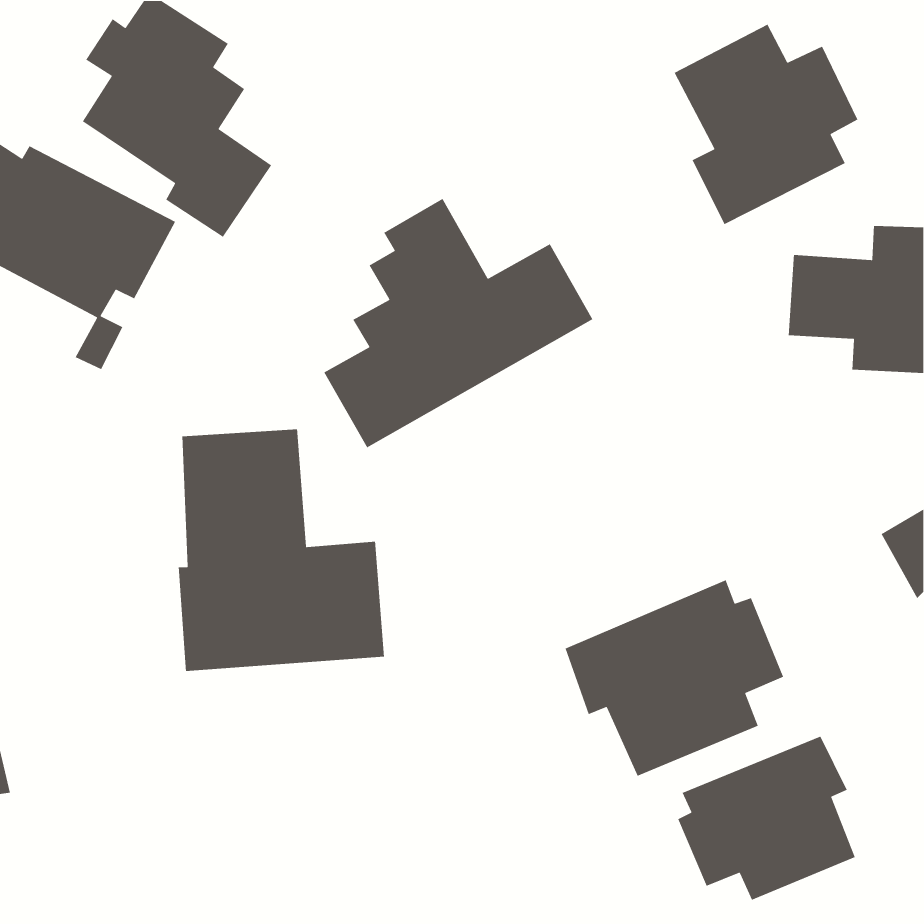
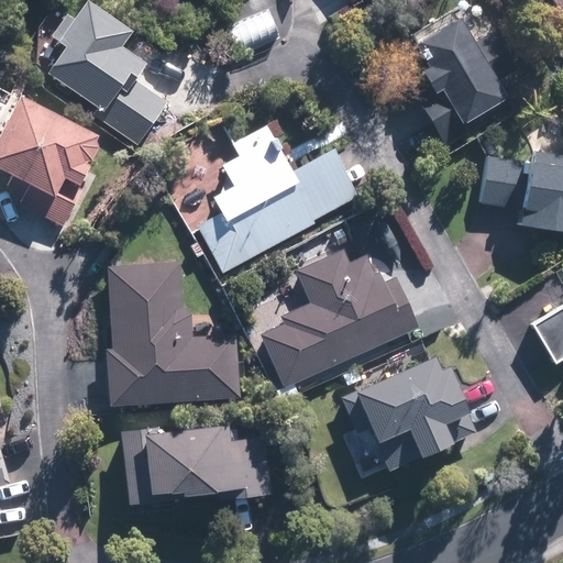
building: none -> [260,220,422,388]
building: none -> [118,422,269,507]
building: [677,735,856,901] -> none

